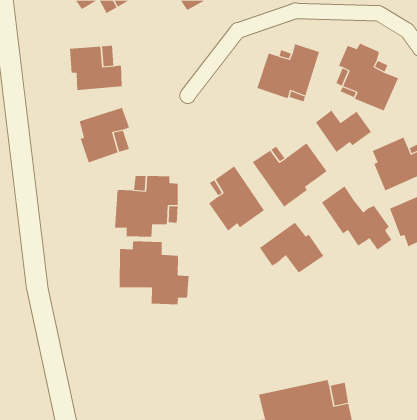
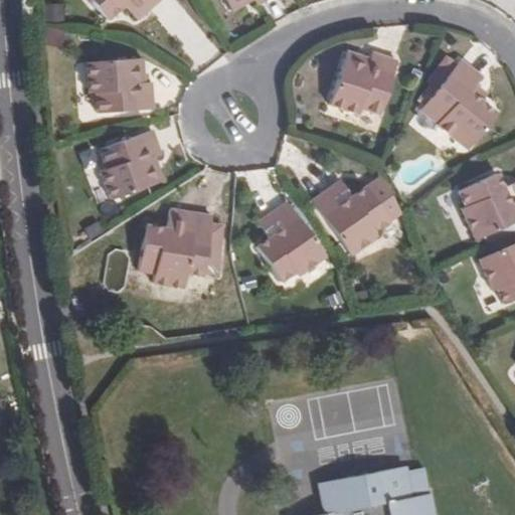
building: [315,110,372,153] -> none
building: [321,186,392,250] -> none
building: [259,222,324,273] -> none
building: [119,240,189,305] -> none

